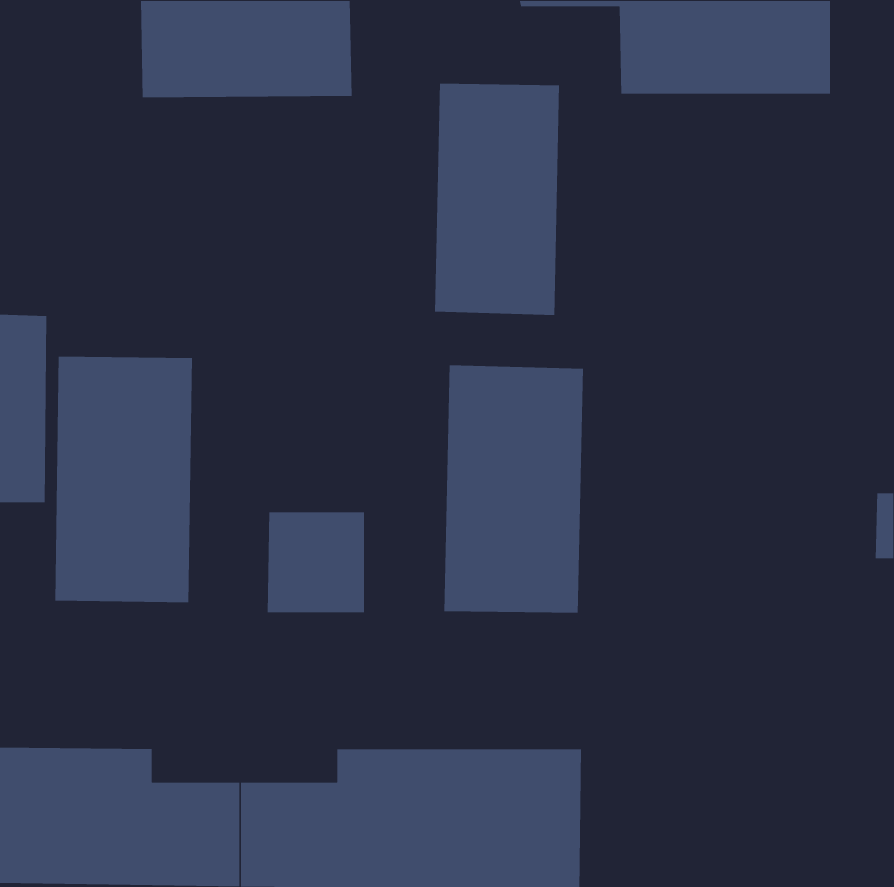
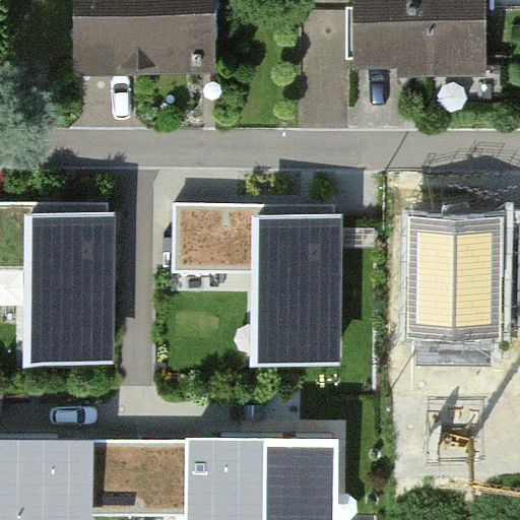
building: [434,83,560,316] -> none
building: none -> [416,217,495,329]
building: [267,511,365,613] -> [174,216,231,275]

